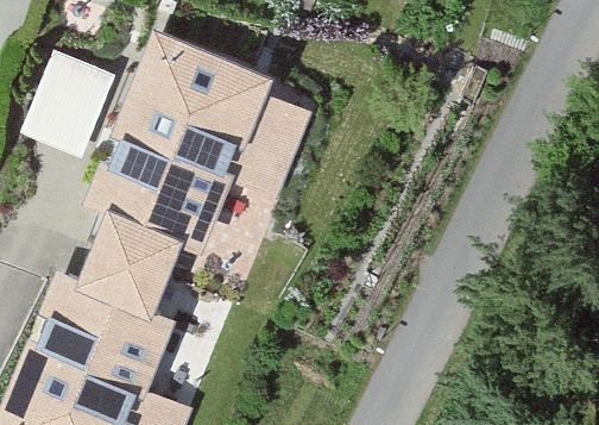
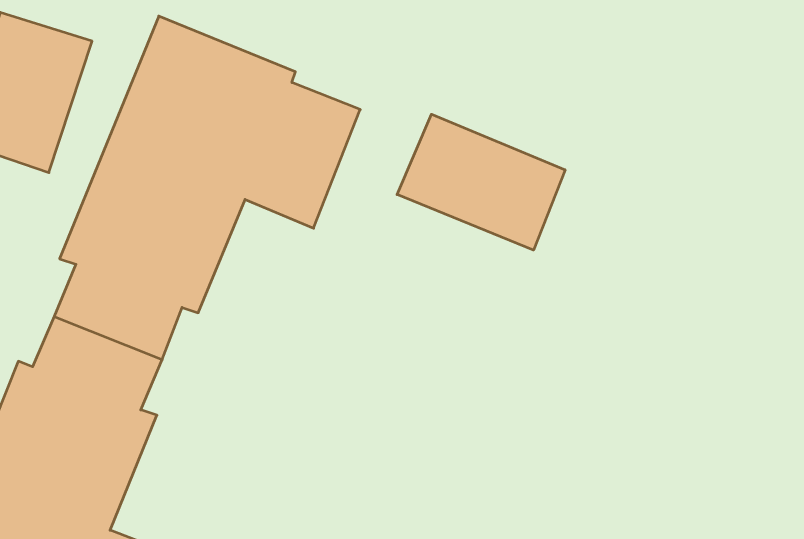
building: none -> [397,114,565,250]

